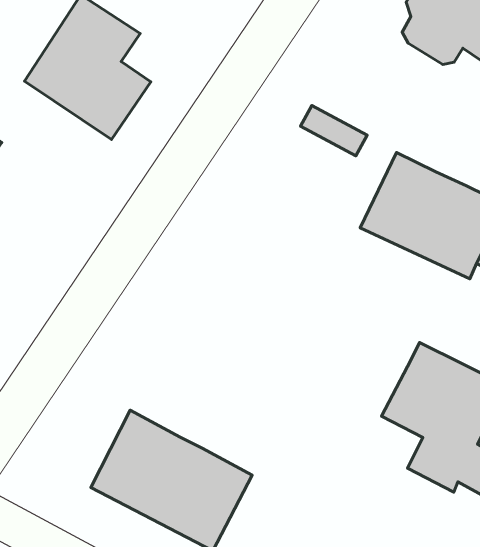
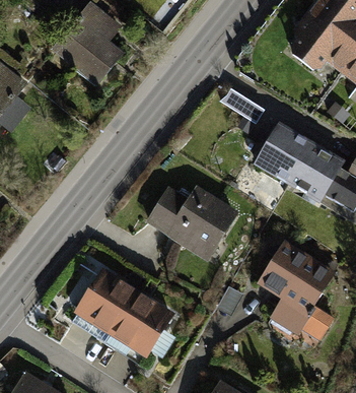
building: none -> [145,184,238,260]

